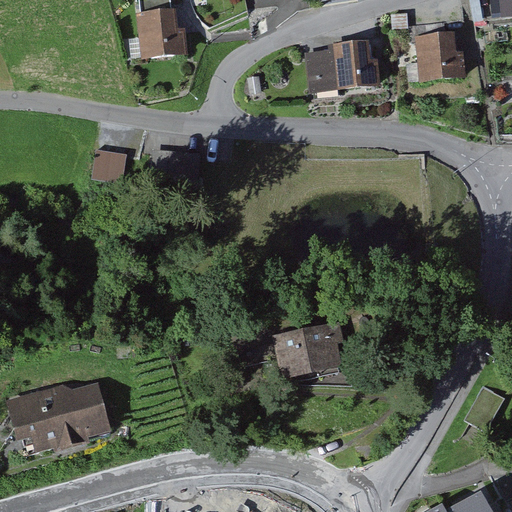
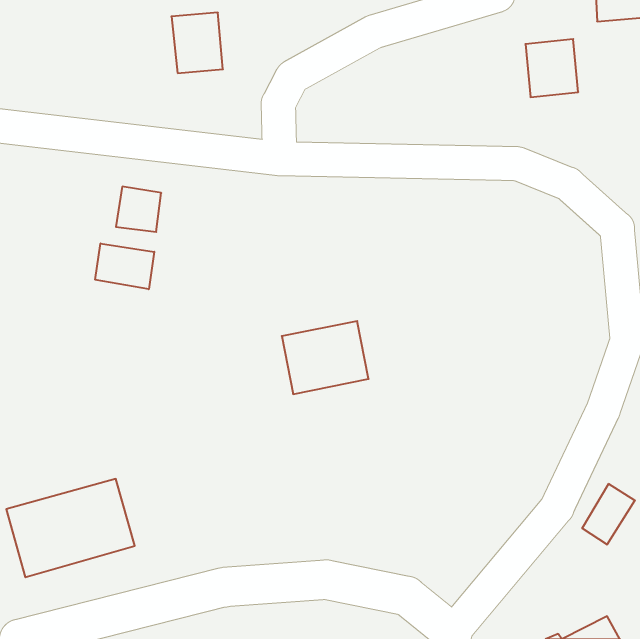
building: [306,42,376,88] -> none
building: none -> [95,243,154,289]
building: [269,320,338,378] -> [282,321,369,394]

